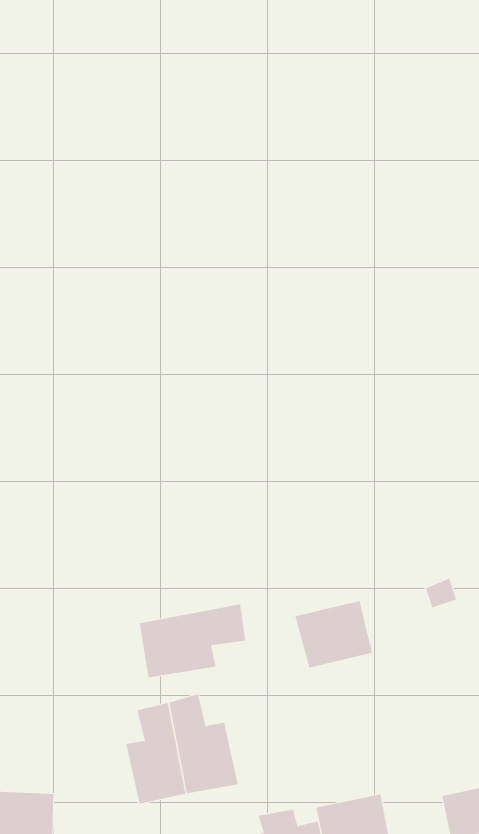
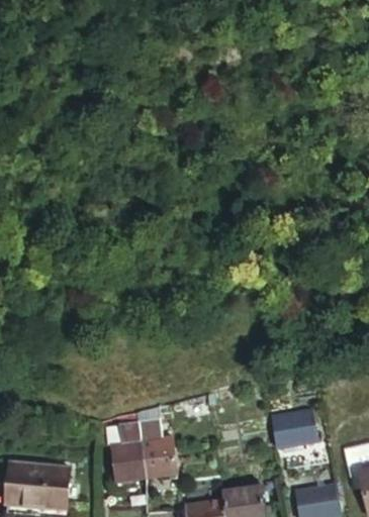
building: [295,601,373,668] -> [271,410,315,447]
building: [139,604,246,678] -> none

